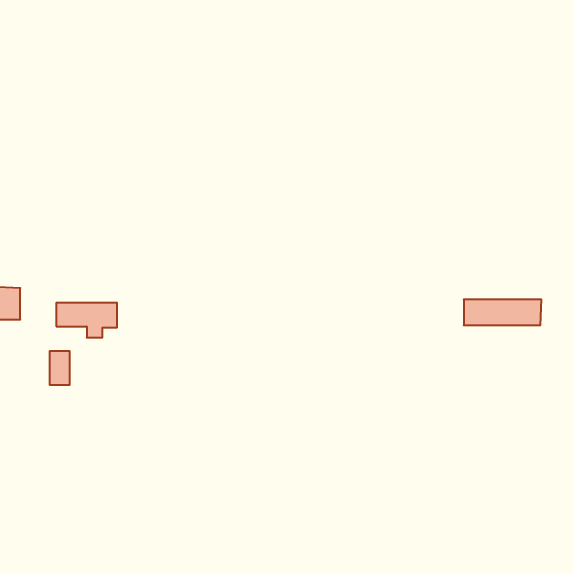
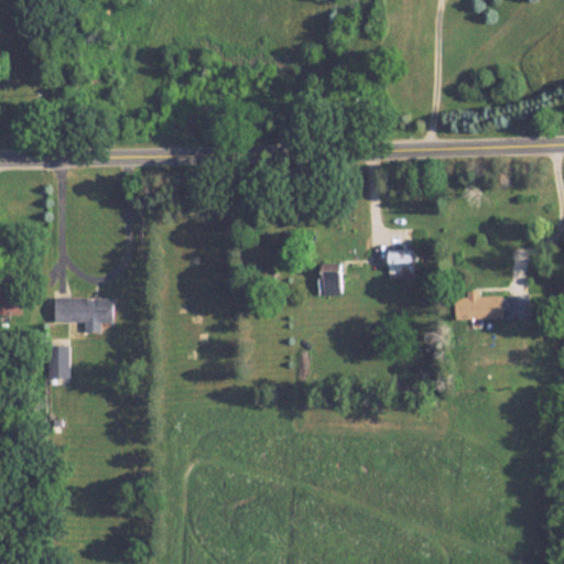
building: none -> [386,251,412,280]
building: none -> [316,264,339,296]

